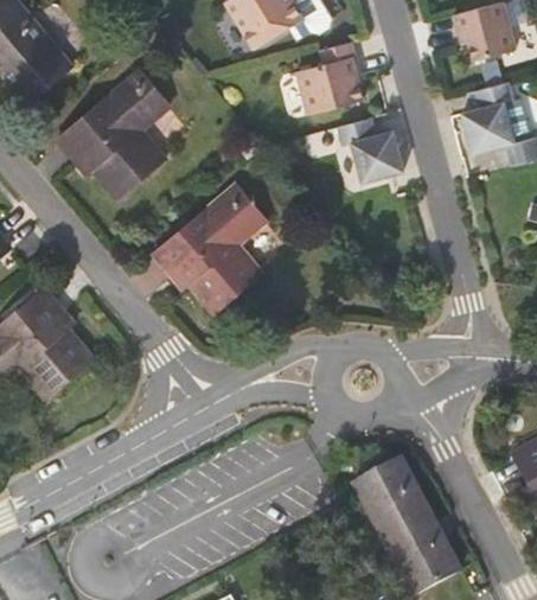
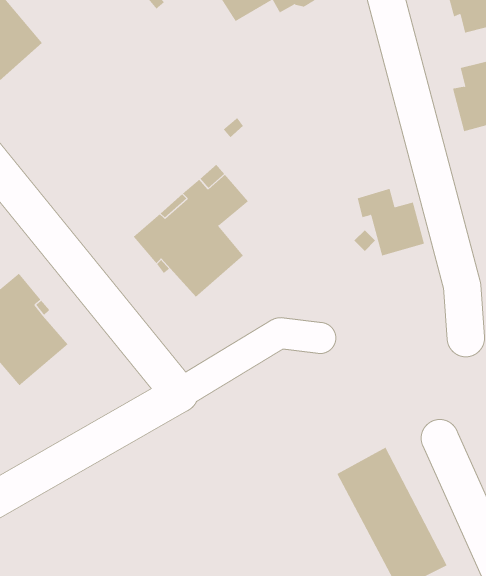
building: [296,40,364,114] -> none
building: [59,71,170,198] -> none
building: [338,116,403,181] -> [357,188,425,256]

